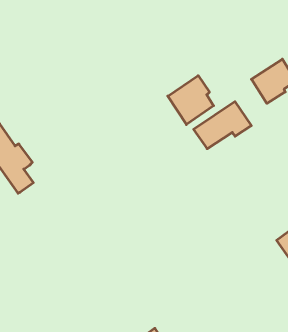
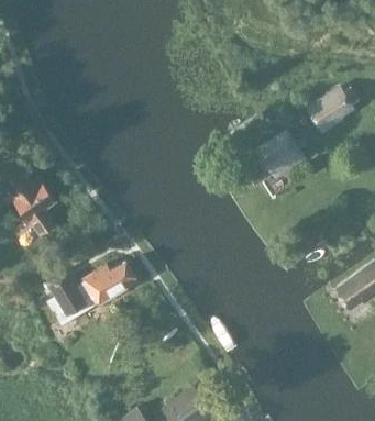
building: [168,76,214,125] -> none
building: none -> [47,261,137,319]

